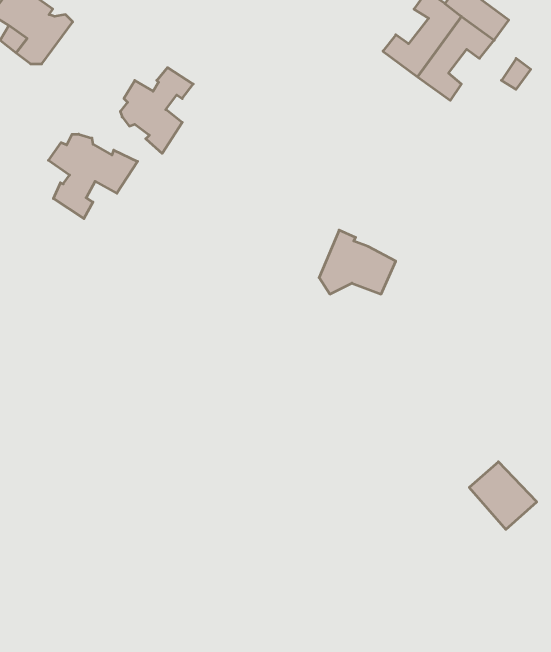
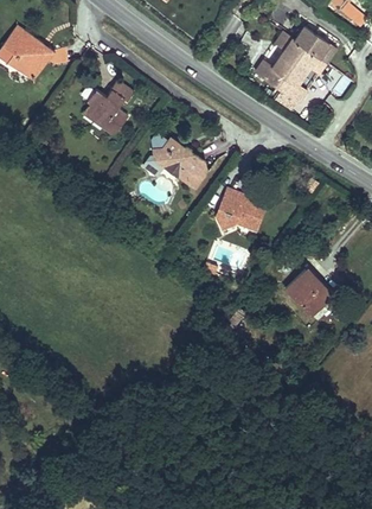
building: [48,134,138,219] -> none
building: none -> [152,138,205,189]
building: [469,462,537,529] -> [288,269,332,313]

